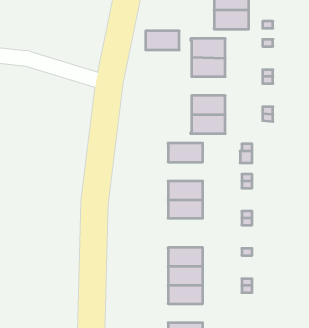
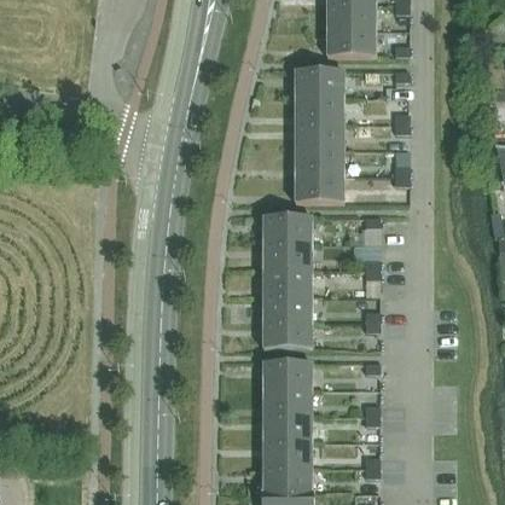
building: [146,31,179,50] -> [295,122,342,149]
building: none -> [262,242,310,268]
building: none -> [262,320,310,348]
building: none -> [262,440,310,466]

